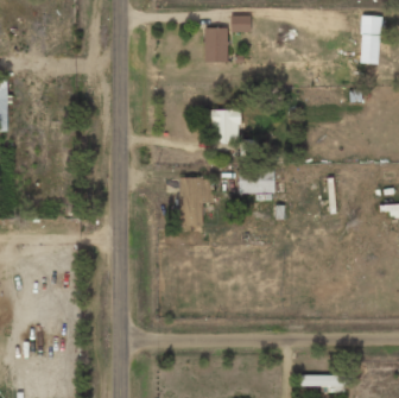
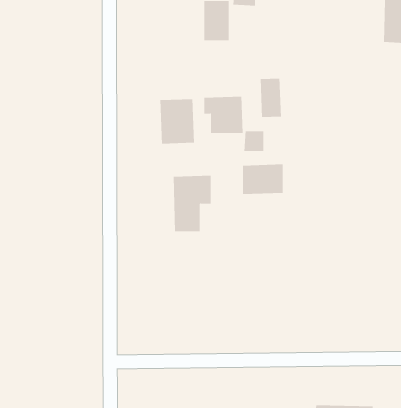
building: none -> [260,78,281,118]
building: none -> [160,98,194,144]

